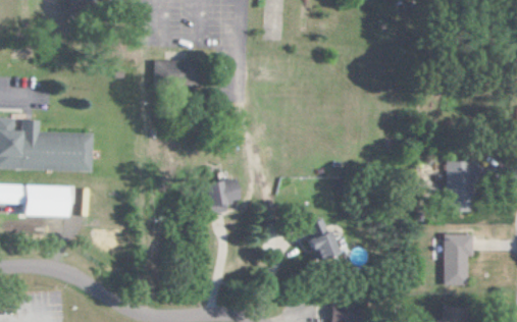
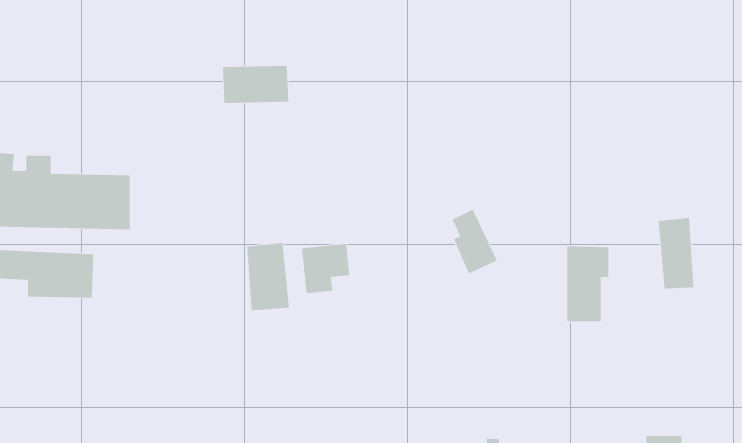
building: none -> [247,242,290,311]
building: [308,216,339,260] -> [452,209,497,274]
building: [444,233,472,284] -> [566,246,609,322]

